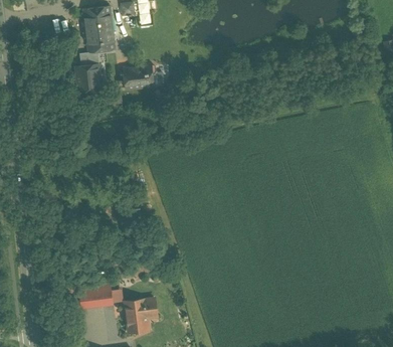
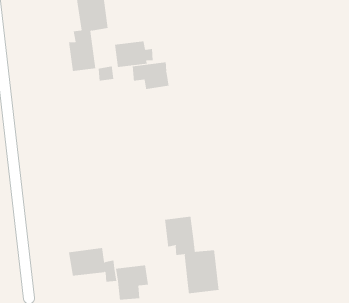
building: none -> [132,62,169,90]
building: none -> [165,216,219,294]

